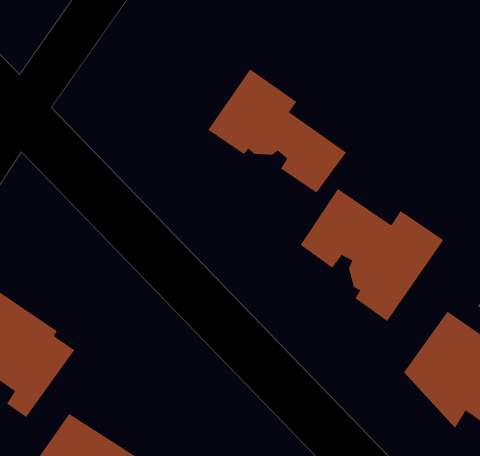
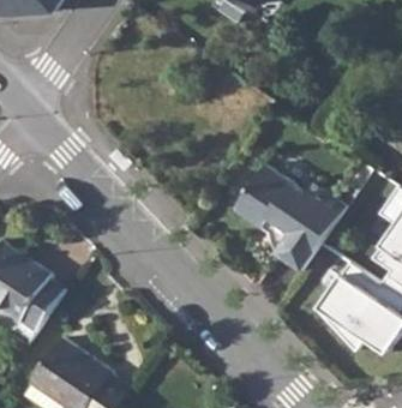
building: [208,69,347,194] -> none

